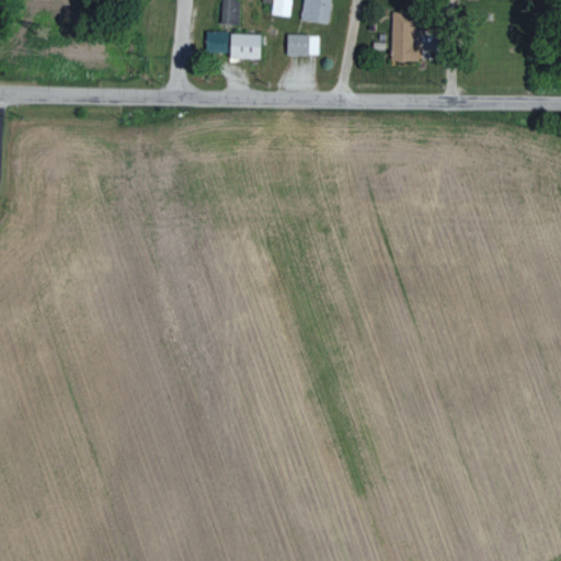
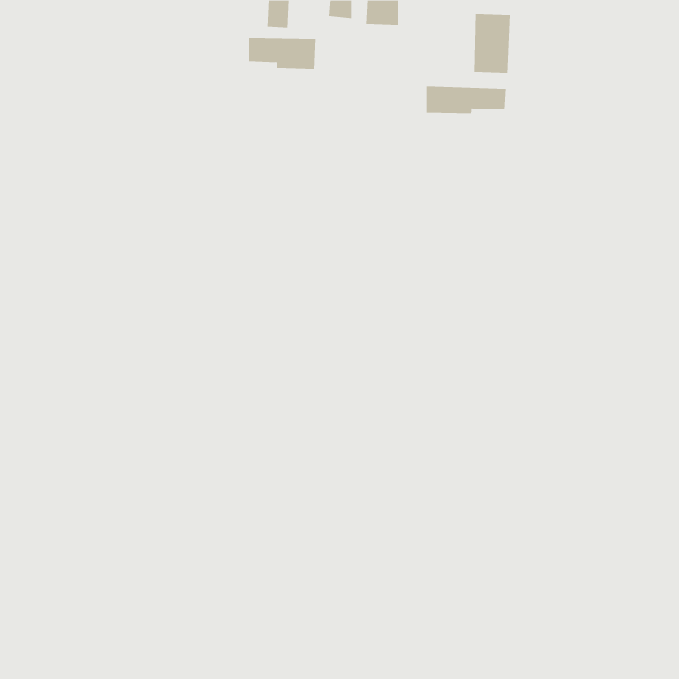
building: [287,35,320,56] -> none
building: none -> [426,86,506,114]

